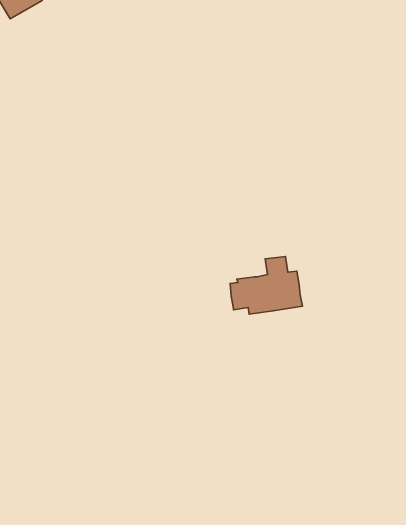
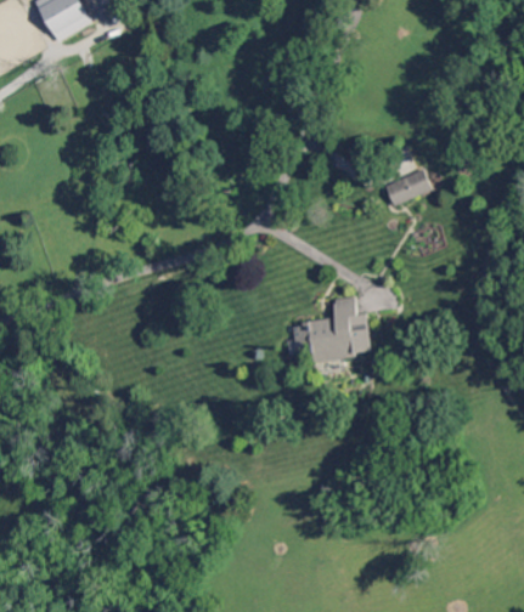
building: none -> [385,169,432,205]

